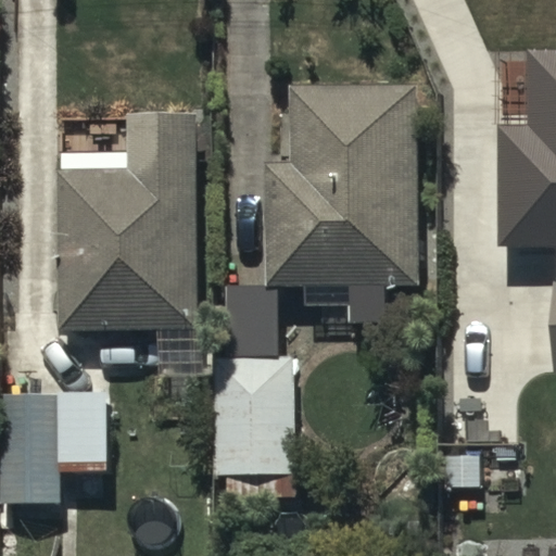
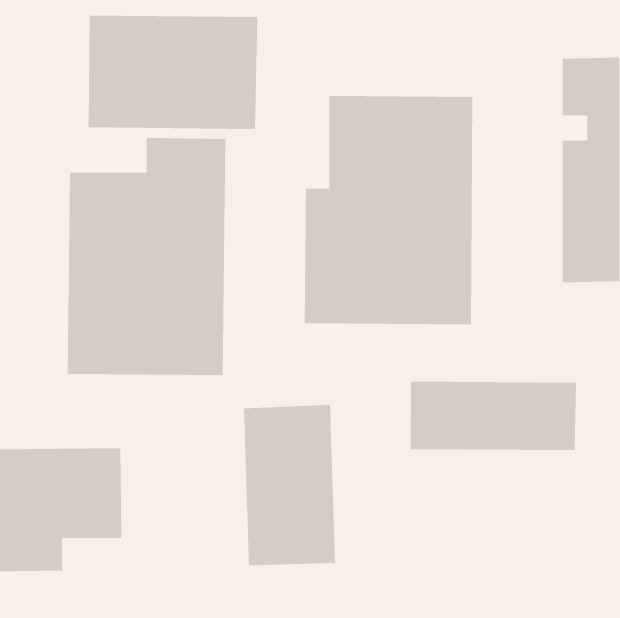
building: none -> [88,15,258,130]
building: none -> [410,381,577,451]

